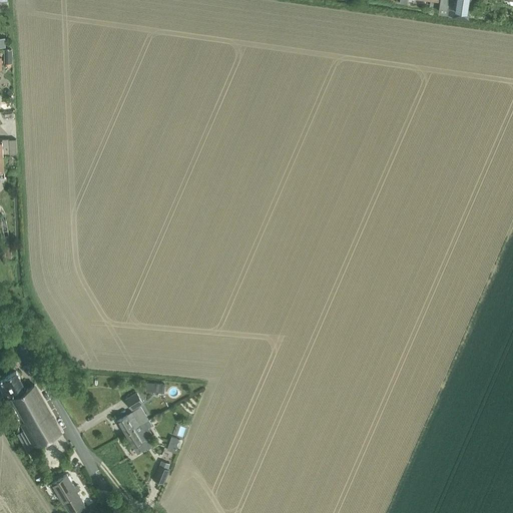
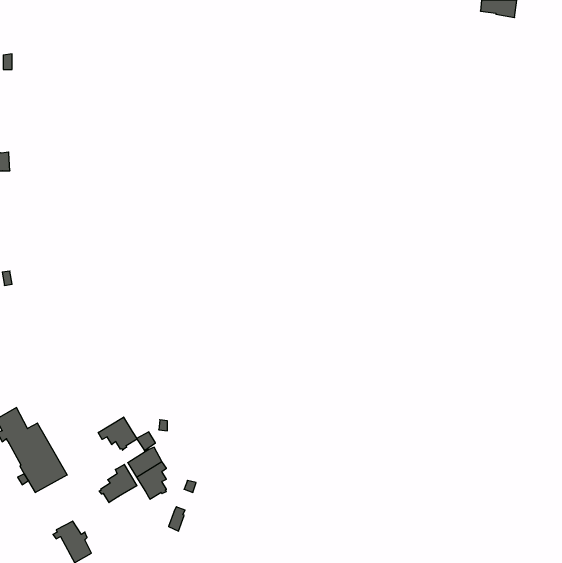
building: none -> [98,417,137,450]
building: none -> [99,464,137,503]

